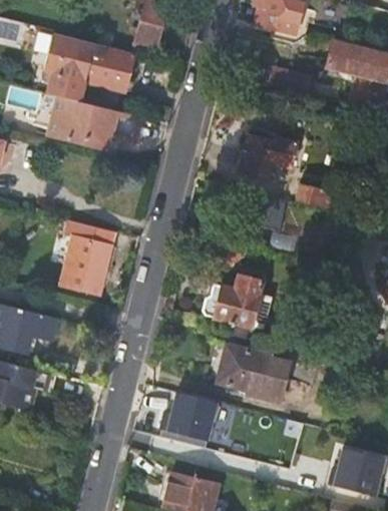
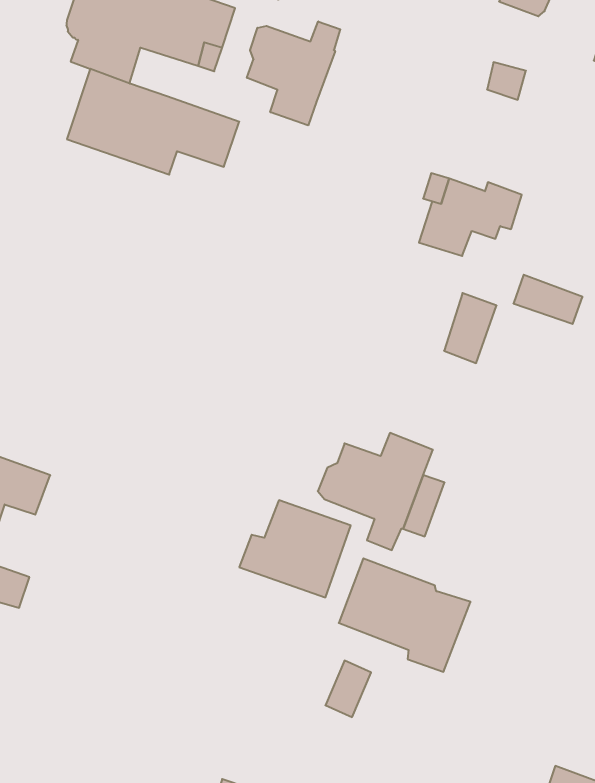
building: none -> [247,21,340,125]
building: [62,220,114,296] -> none
building: [160,394,219,444] -> [239,500,351,597]

